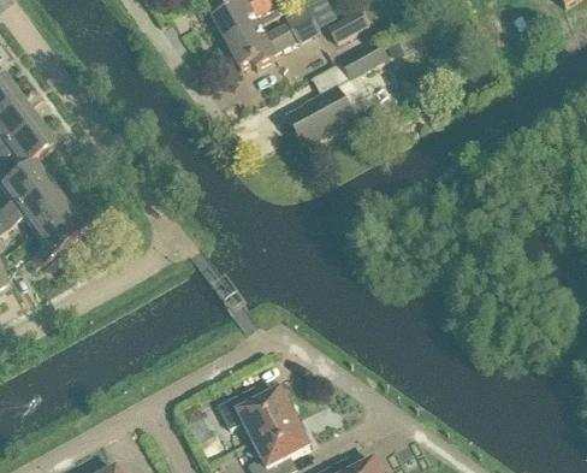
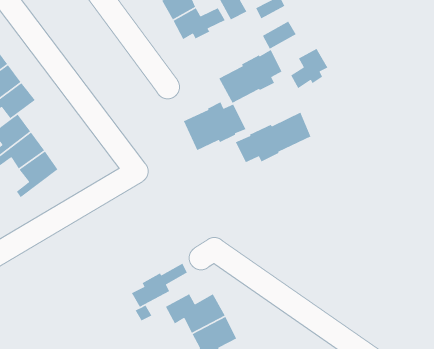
building: none -> [290,48,328,89]
building: none -> [183,101,247,151]
building: none -> [235,112,312,163]
building: none -> [131,262,188,308]

